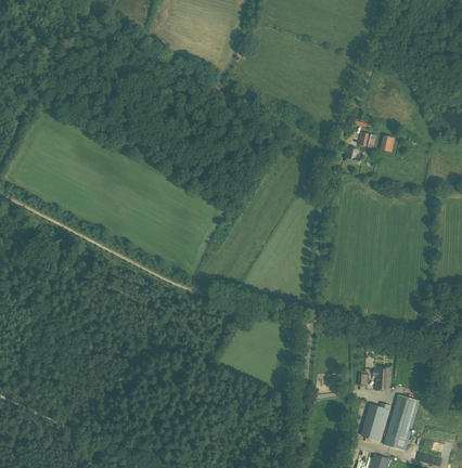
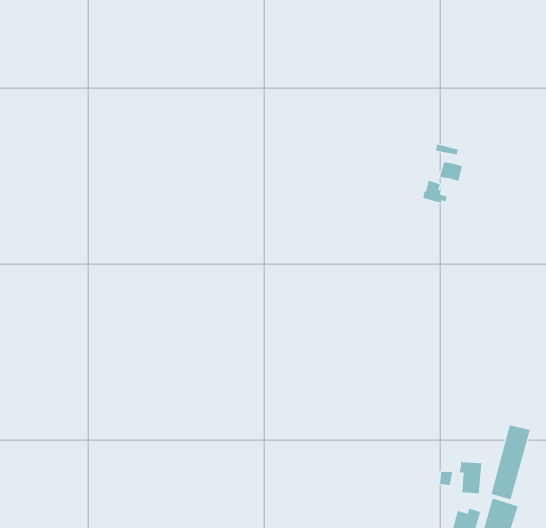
building: none -> [491,425,531,500]

